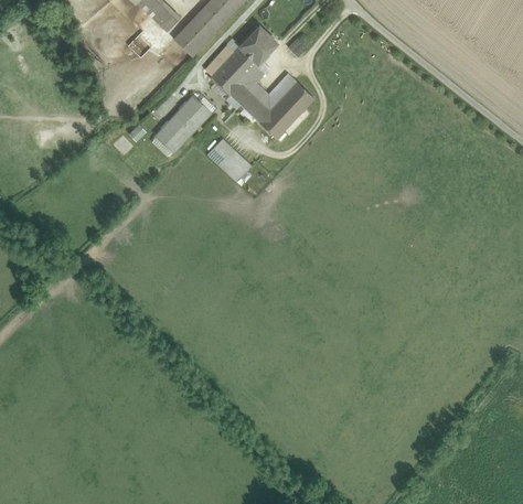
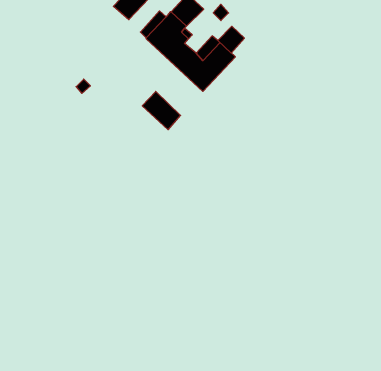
building: none -> [218,26,244,53]
building: [156,96,210,152] -> none

